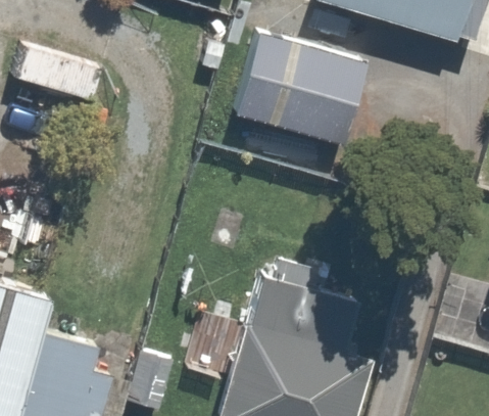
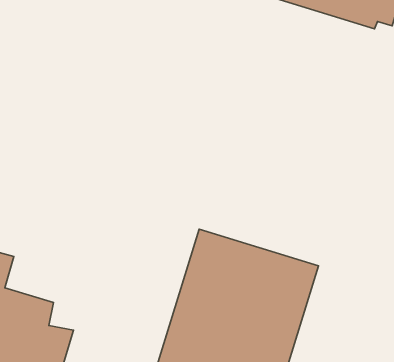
building: [233,27,364,143] -> none

